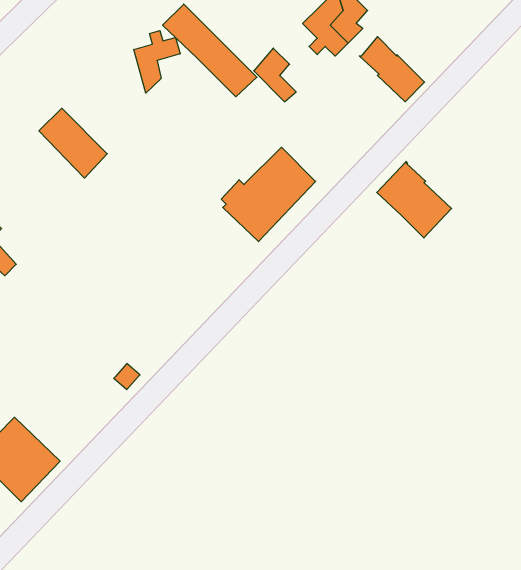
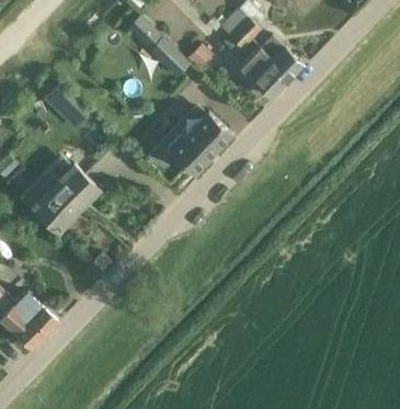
building: [134,31,180,93] -> none
building: [377,161,452,238] -> [236,46,286,98]
building: none -> [30,163,95,229]

